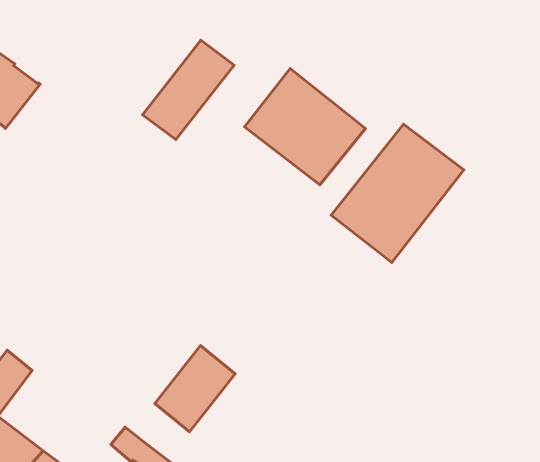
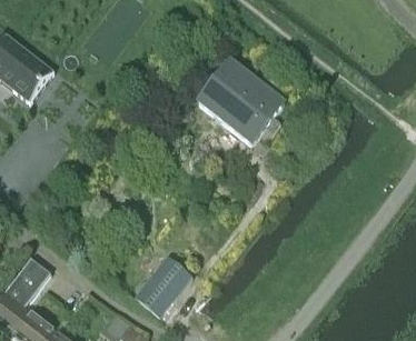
building: [142,40,234,139] -> none
building: [331,124,464,263] -> none

